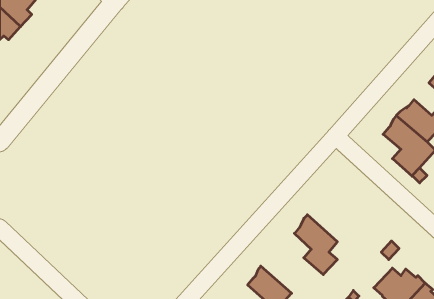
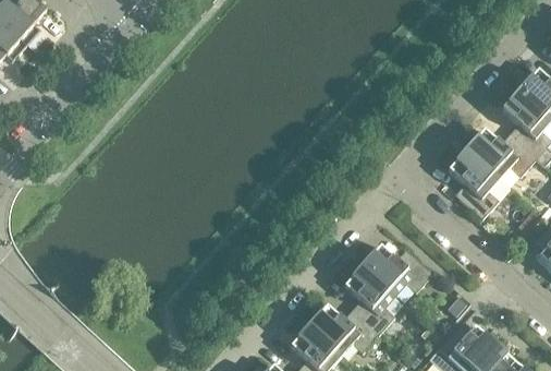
building: none -> [359,246,432,296]
building: none -> [305,306,378,356]

